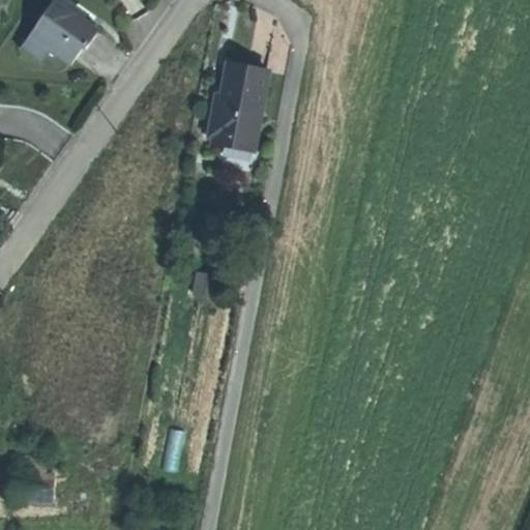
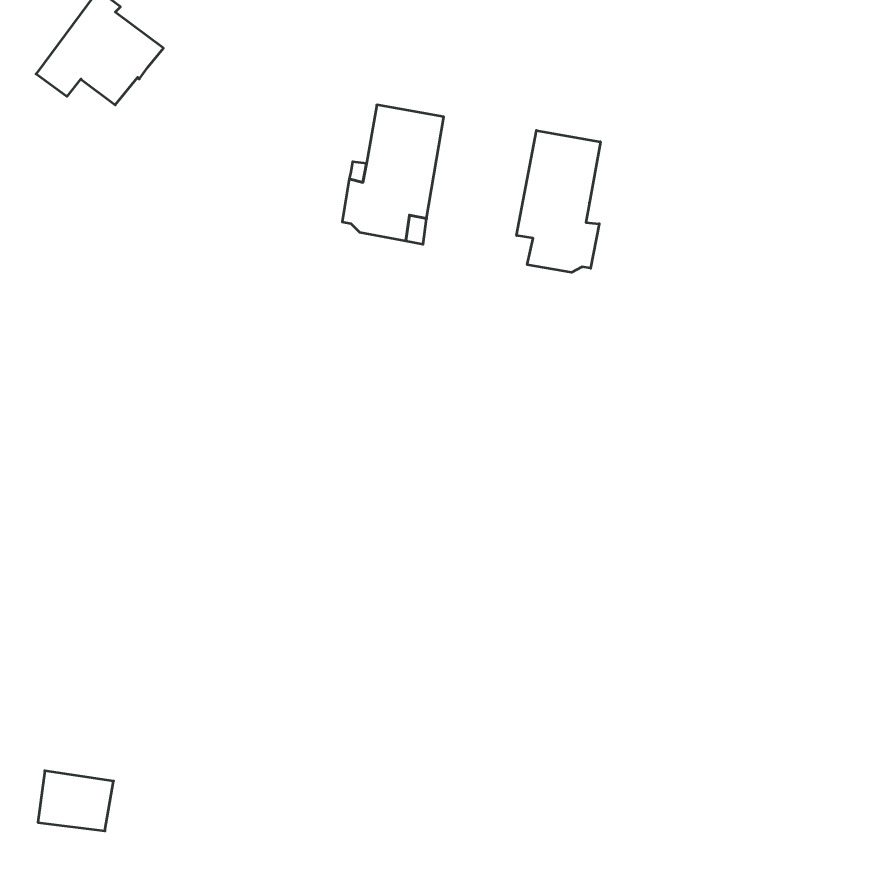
building: none -> [517,130,600,272]

